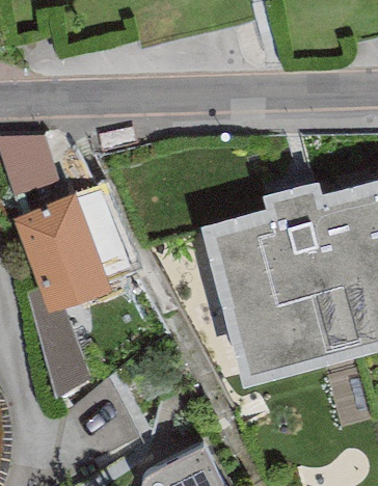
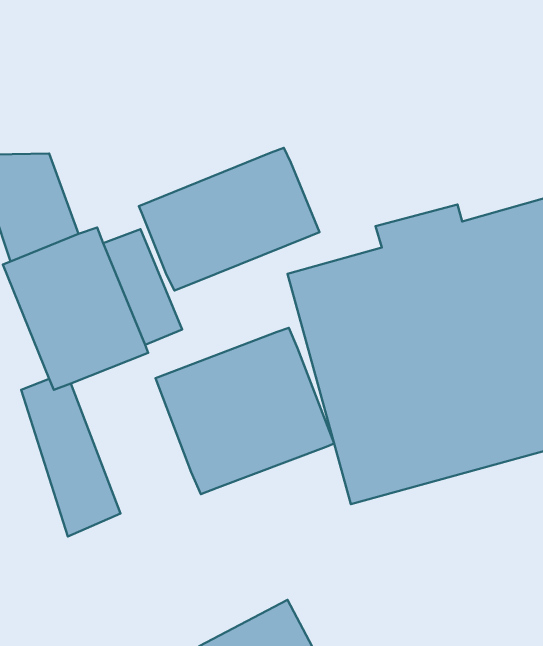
building: none -> [139,148,319,291]
building: none -> [155,328,334,494]

